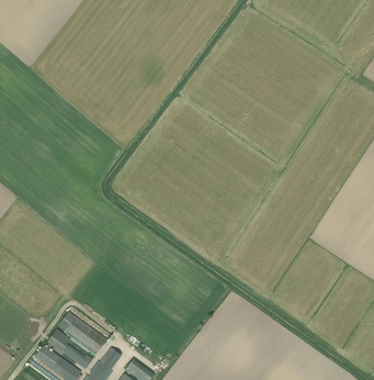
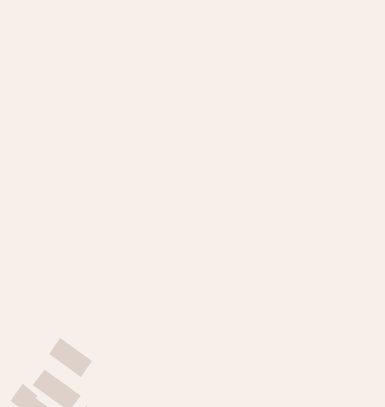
building: none -> [48,337,93,378]

